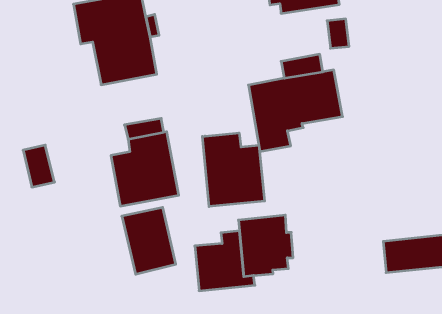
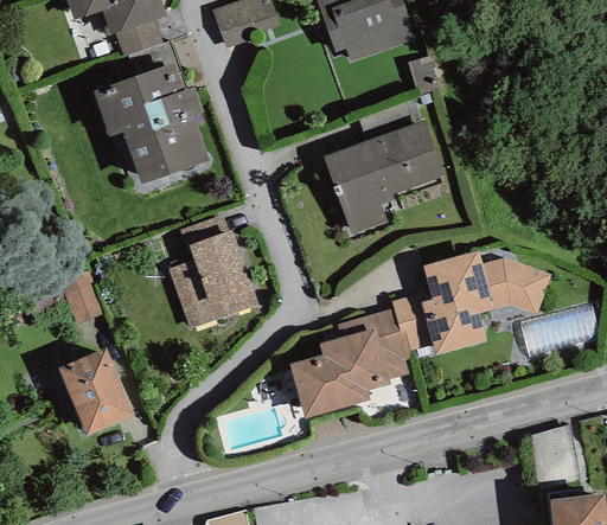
building: [202,133,265,207] -> none
building: none -> [391,249,549,353]
building: [122,207,176,274] -> [57,347,133,435]

